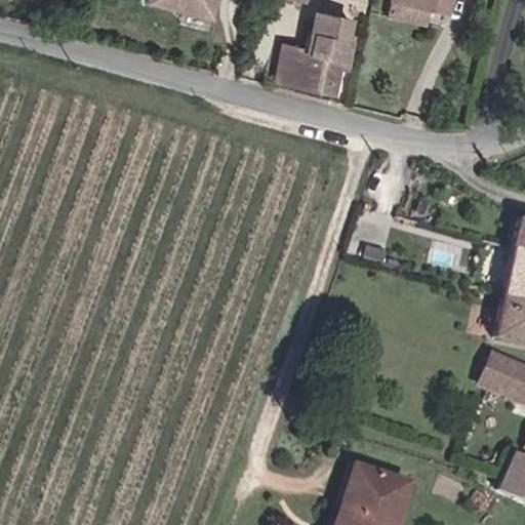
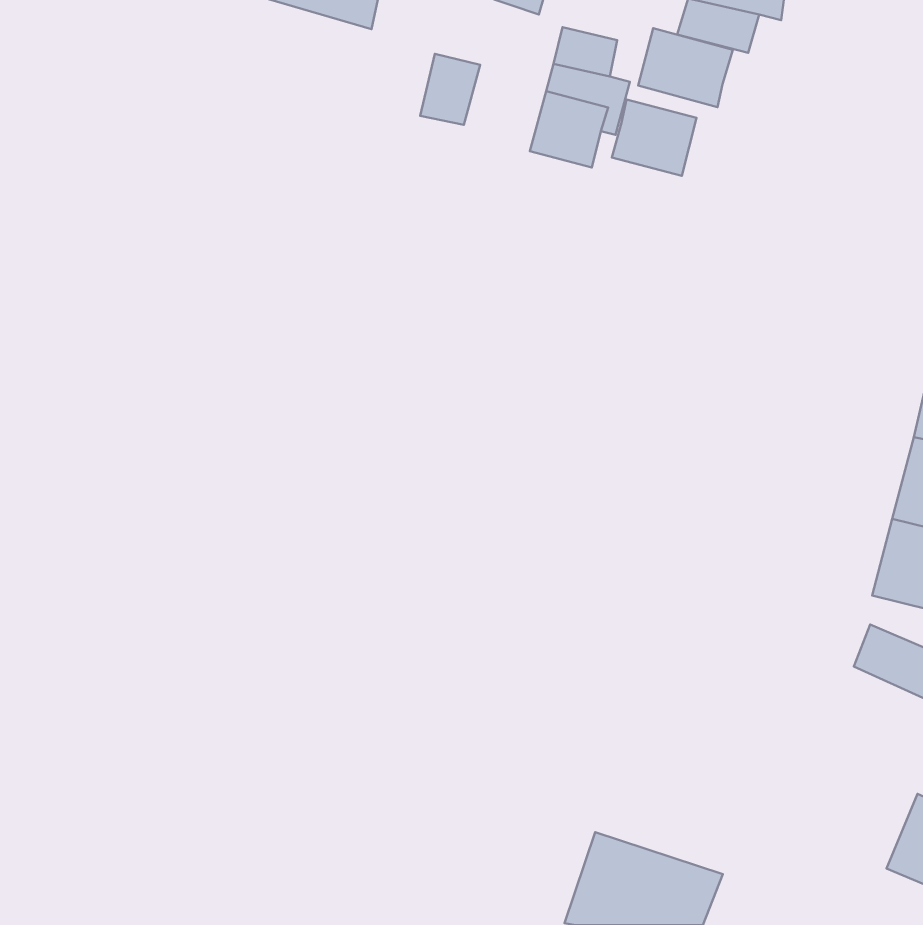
building: none -> [638,28,733,107]
building: [278,45,312,85] -> [420,54,480,125]
building: none -> [612,99,697,176]

